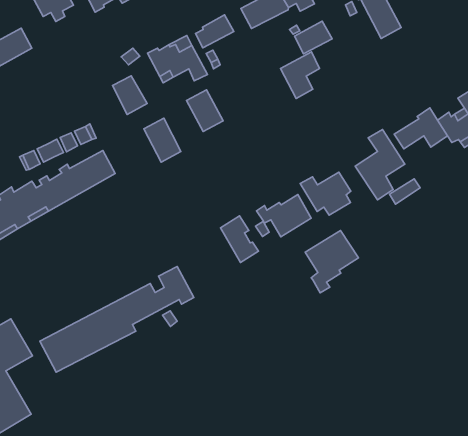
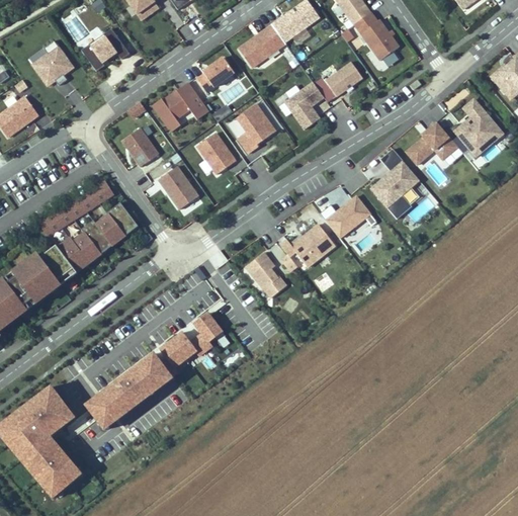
building: [294,21,332,54] -> [325,62,362,96]
building: none -> [236,104,274,153]
building: [305,230,359,293] -> none

